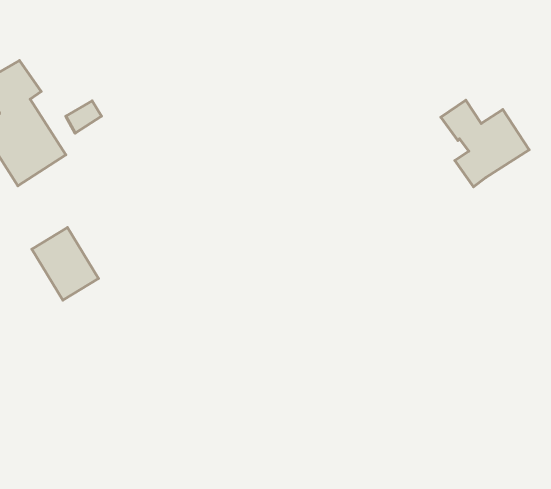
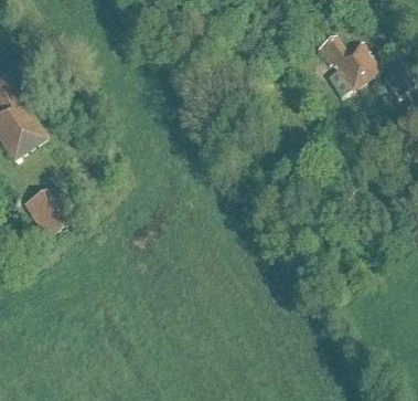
building: [441,100,529,187] -> [318,35,381,97]

